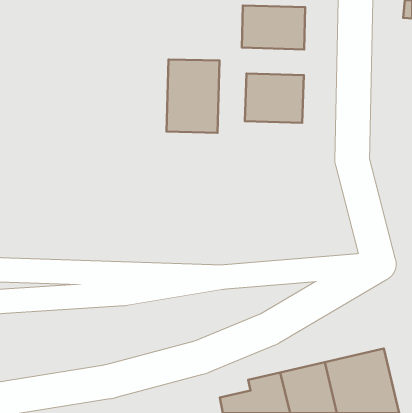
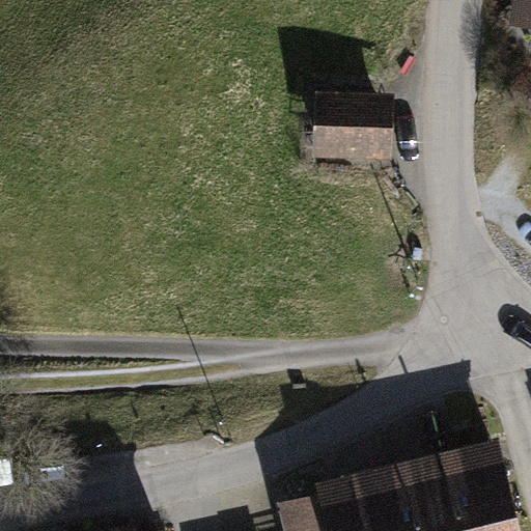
building: [242,6,305,49] -> none
building: [166,60,220,133] -> none

